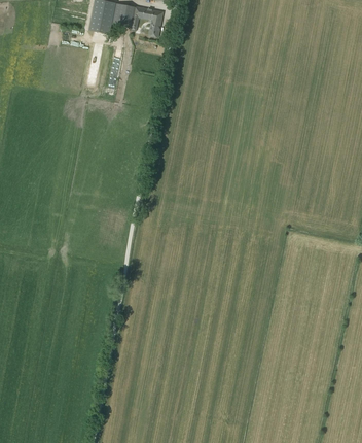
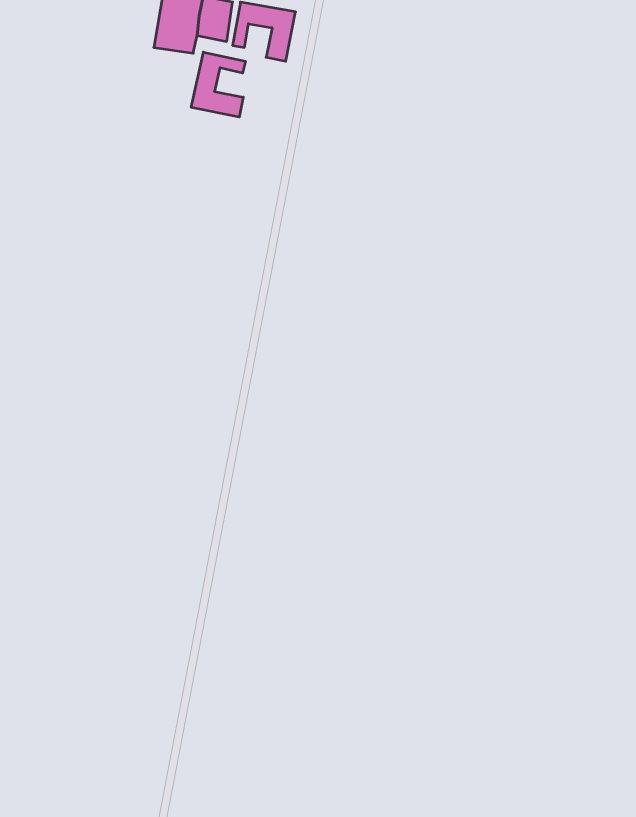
building: none -> [191,52,245,117]

